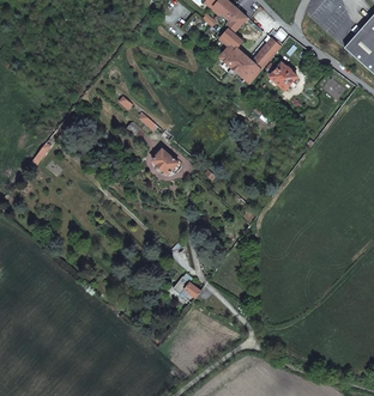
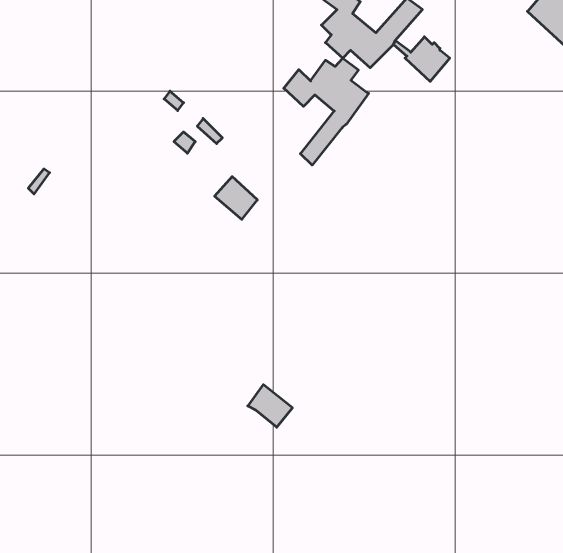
building: none -> [284,58,369,165]

